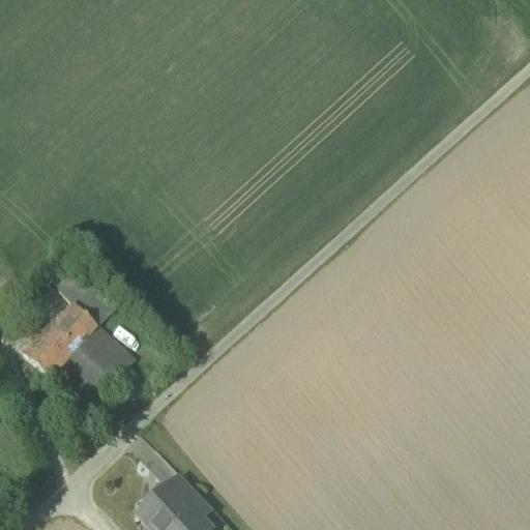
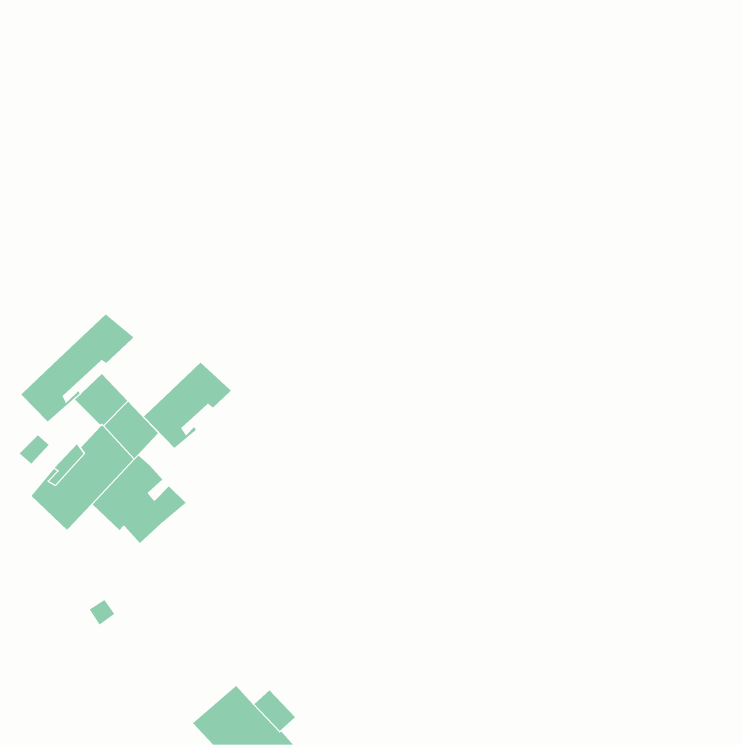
building: none -> [21,314,134,422]
building: none -> [143,362,232,449]

